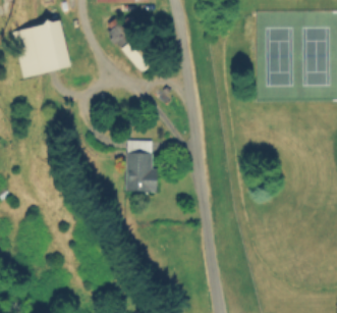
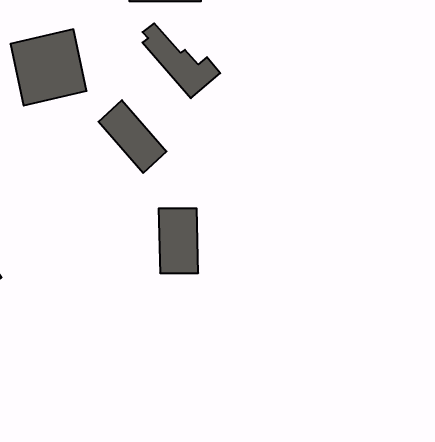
building: none -> [98,100,167,173]

